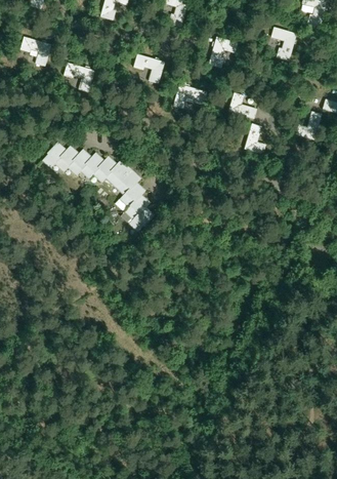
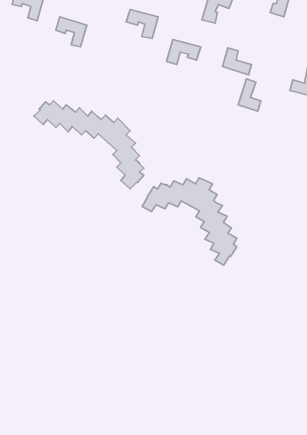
building: none -> [142,178,237,265]

